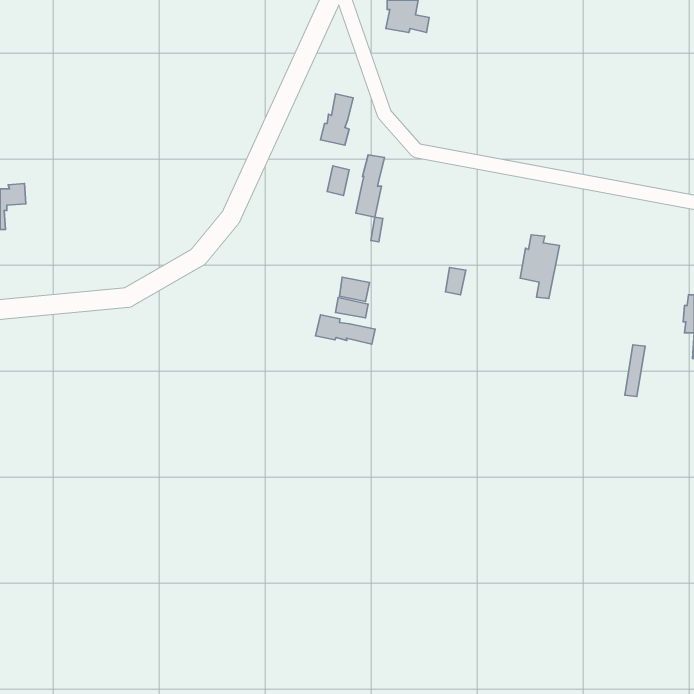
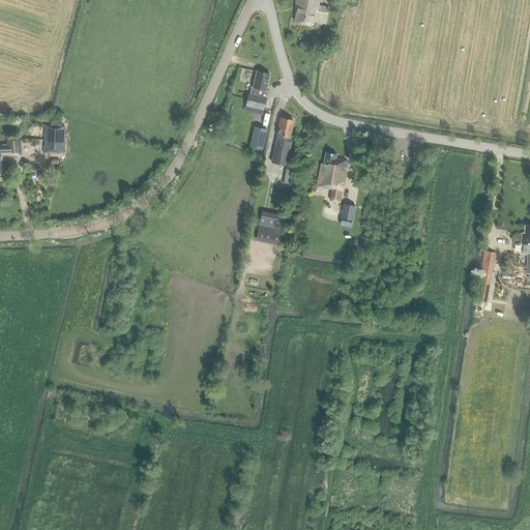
building: none -> [42,125,64,154]
building: [520,235,560,299] -> [317,153,347,202]
building: [315,315,375,344] -> none

